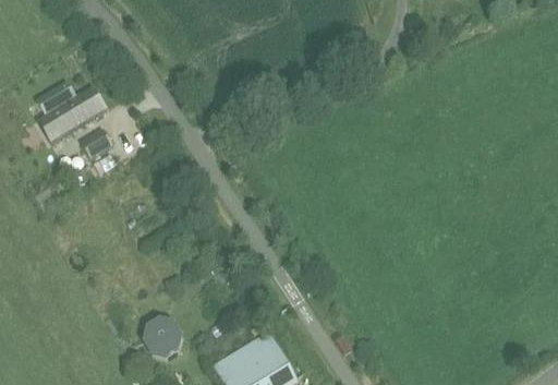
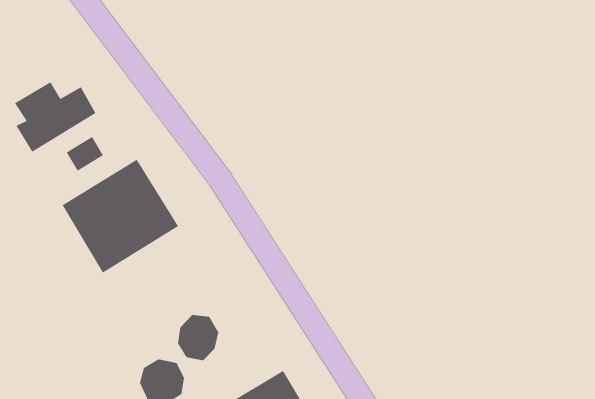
building: none -> [62,159,179,274]
building: none -> [177,314,219,361]

